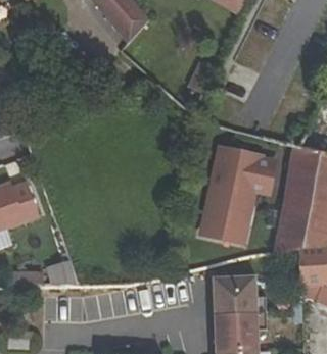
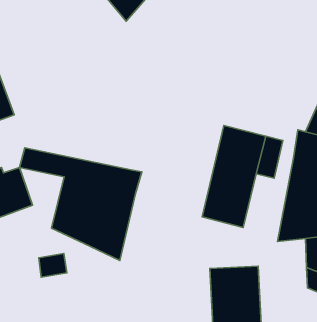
building: none -> [20,148,142,261]

